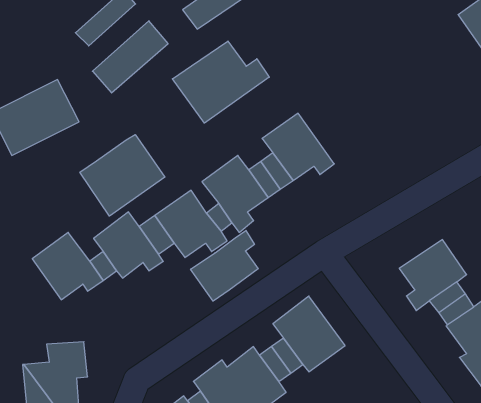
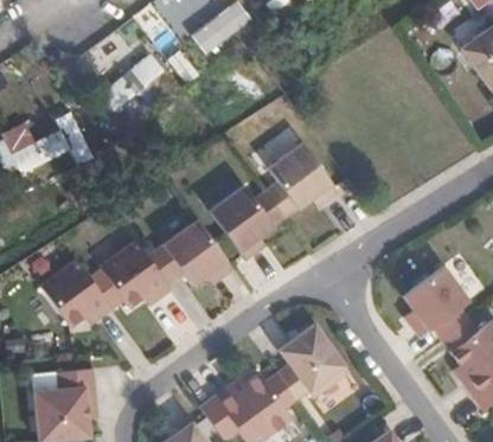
building: [172,41,269,123] -> none
building: [80,135,165,216] -> none
building: [191,230,258,301] -> none

